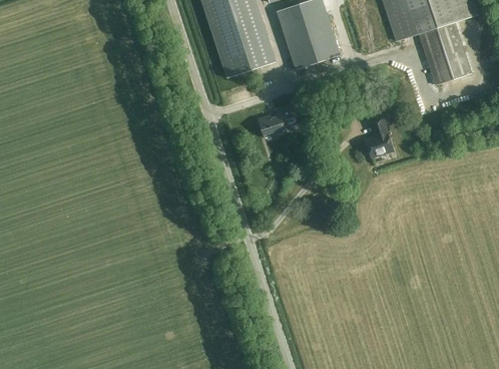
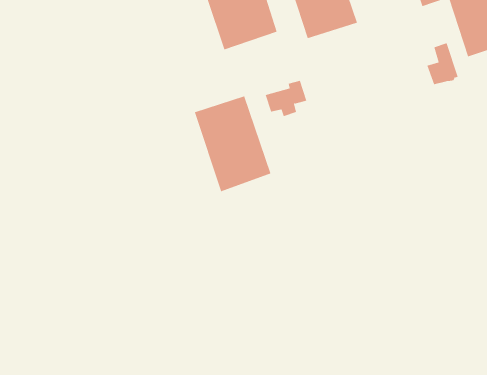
building: none -> [194,96,271,192]
building: [365,118,393,155] -> [427,43,459,85]

